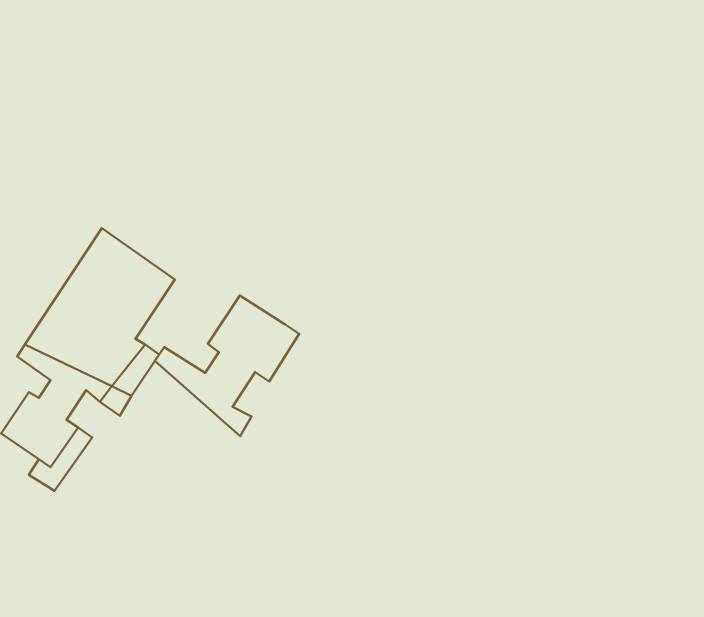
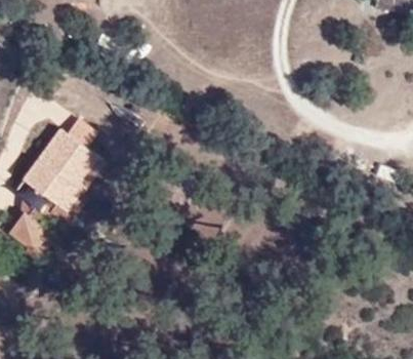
building: [155,296,299,436] -> none

